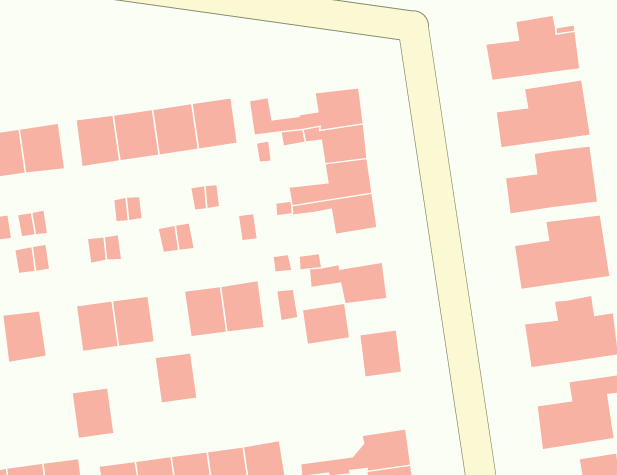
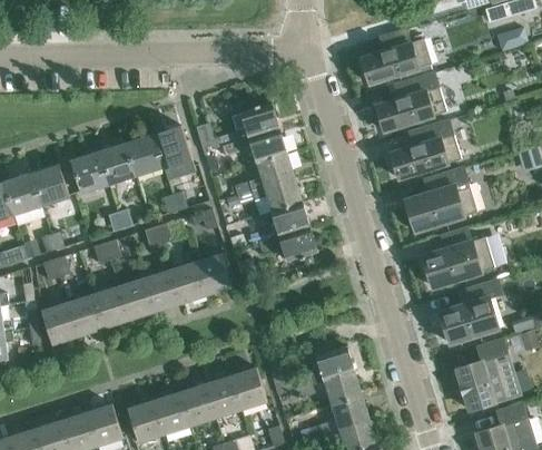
building: [302,303,350,345] -> [273,203,311,237]
building: [360,330,402,377] -> none
building: [155,353,197,403] -> [145,272,180,312]
building: [72,388,114,438] -> [68,295,104,335]

